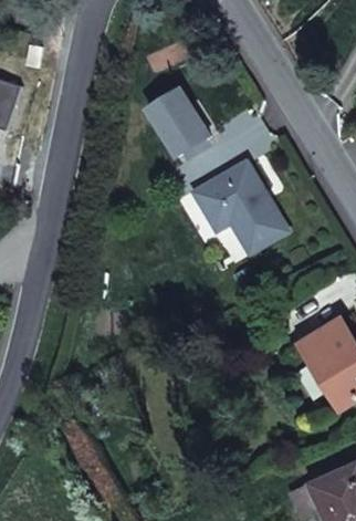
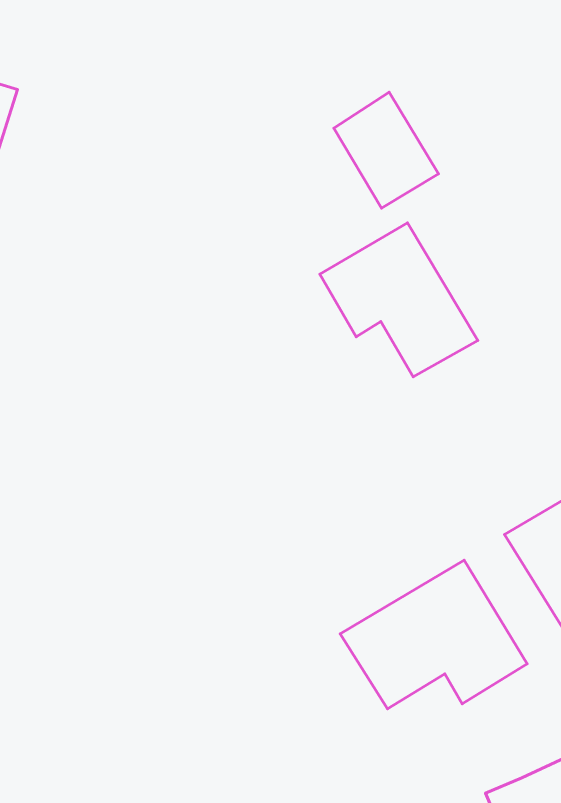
building: [148,87,209,155] -> [334,92,439,208]
building: none -> [340,560,527,709]

